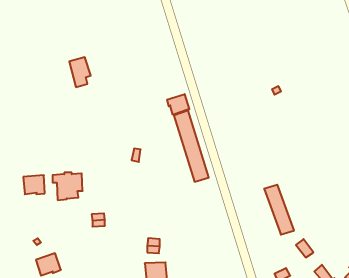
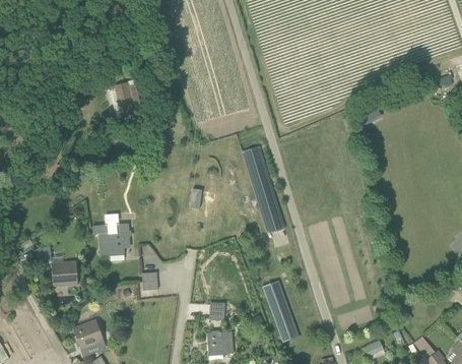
building: [167,94,189,115] -> none
building: [23,175,45,194] -> [51,262,77,286]
building: [264,185,294,235] -> [262,282,299,343]

